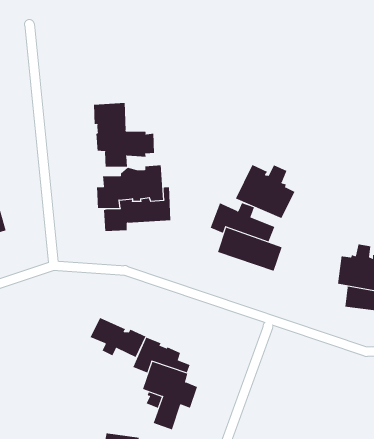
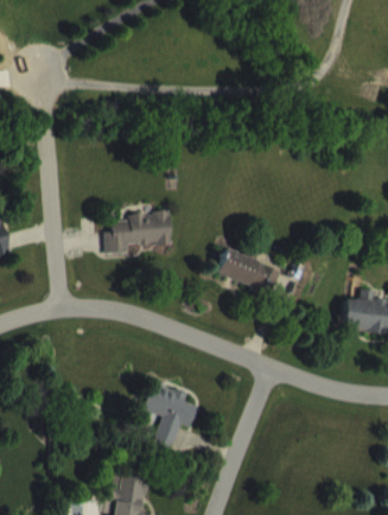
building: [94,102,155,168] -> none
building: [235,164,295,219] -> none
building: [90,317,146,358] -> none

